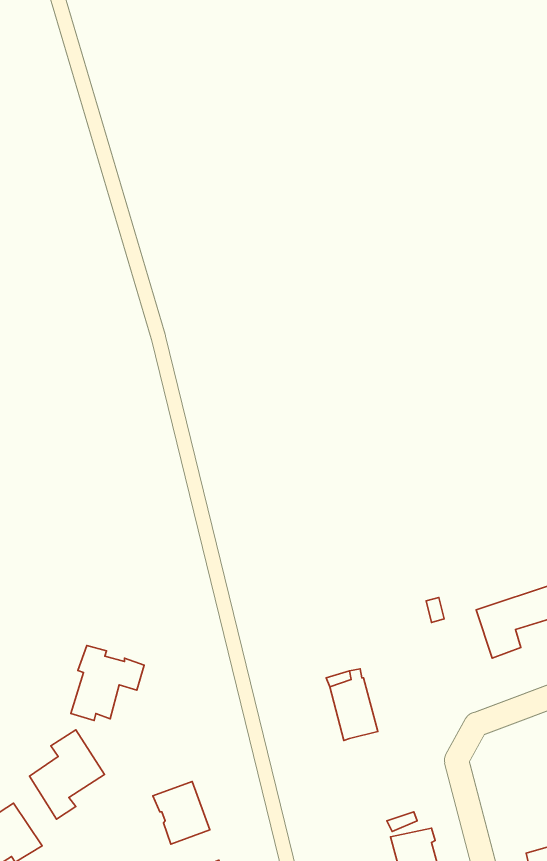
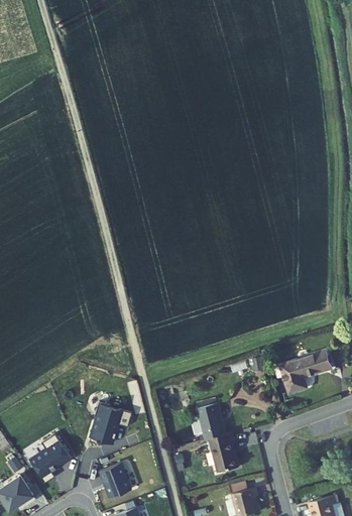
building: [71,646,144,721] -> [90,401,131,443]
building: none -> [209,432,237,472]

